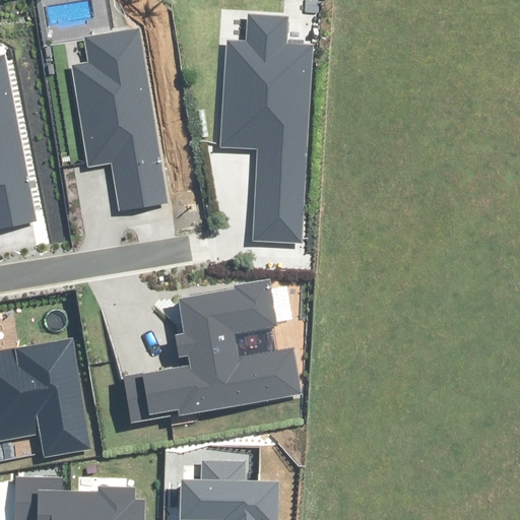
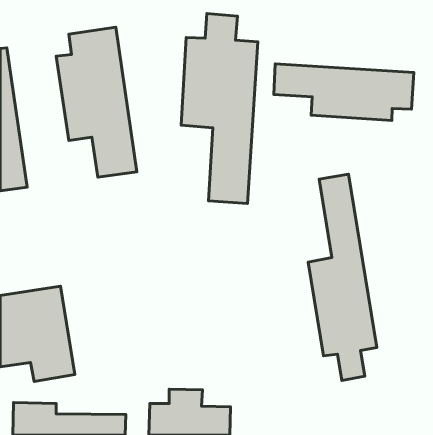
building: none -> [274,64,414,120]
building: none -> [308,174,377,380]
building: [132,287,300,417] -> none

